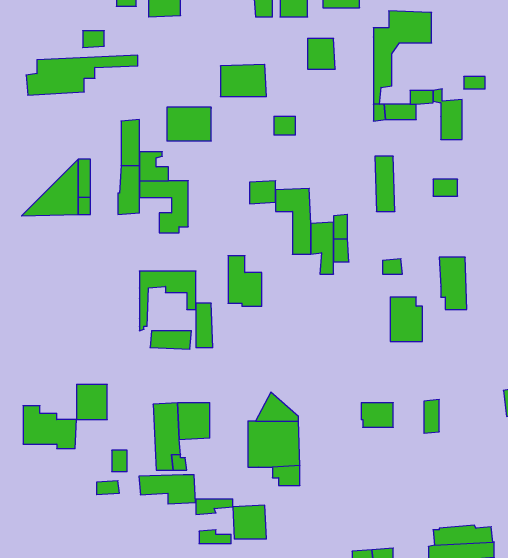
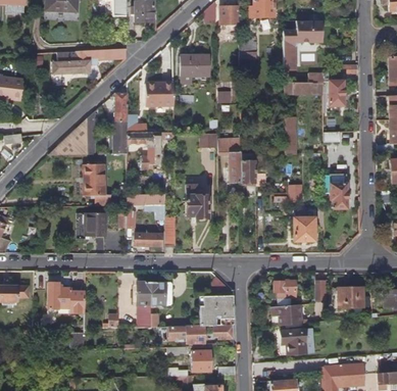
building: none -> [82,161,111,204]
building: [77,384,107,420] -> [86,211,106,235]
building: none -> [339,287,366,309]
building: none -> [271,304,301,325]
building: none -> [279,329,312,355]
building: [139,475,196,504] -> [169,324,207,343]

